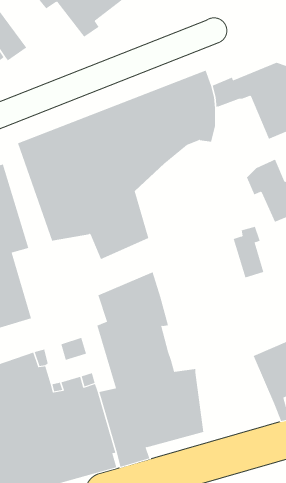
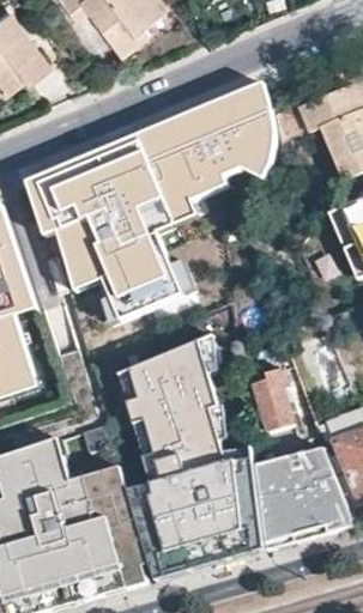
building: [233,226,264,278] -> [250,363,289,426]
building: none -> [250,439,353,546]

